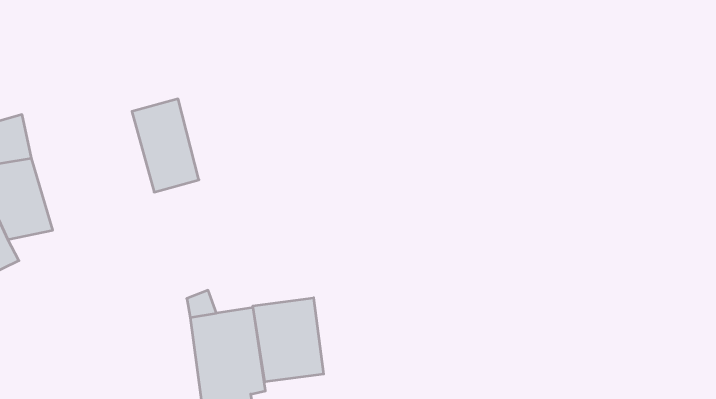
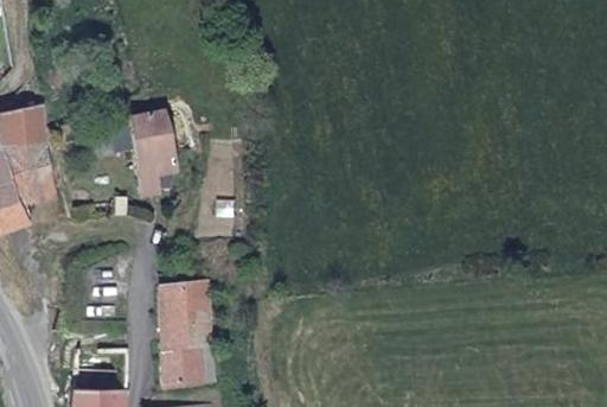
building: [253,298,324,382] -> none

